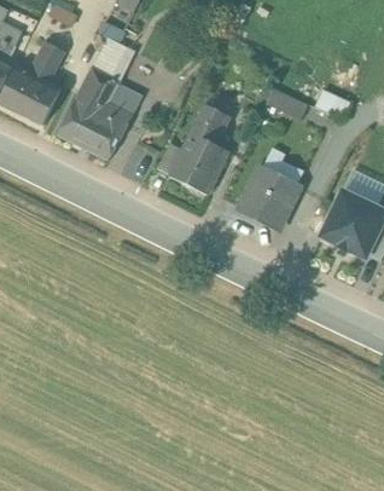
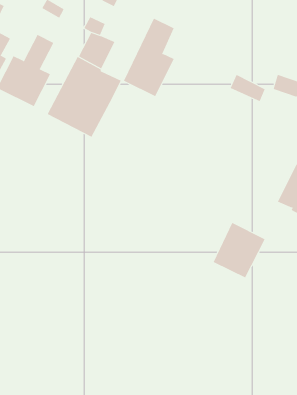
building: [170,103,229,193] -> [123,18,175,97]
building: [240,164,301,229] -> [213,222,266,278]

